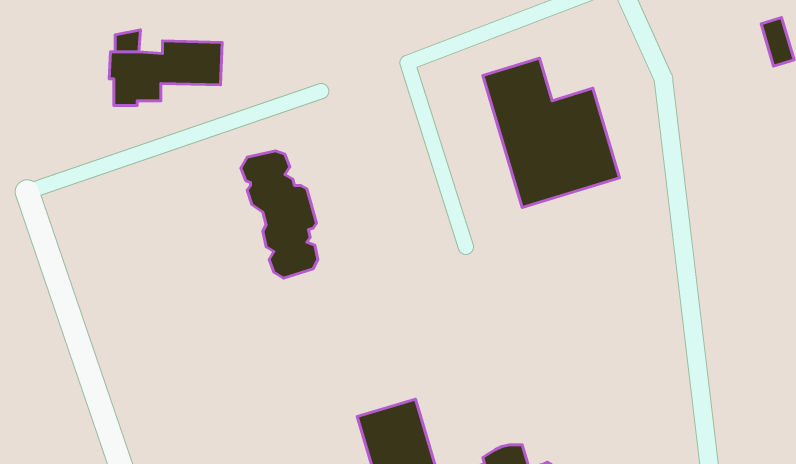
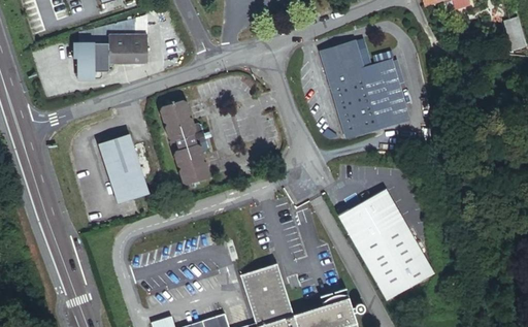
building: none -> [101,135,148,204]
building: none -> [340,190,436,302]

